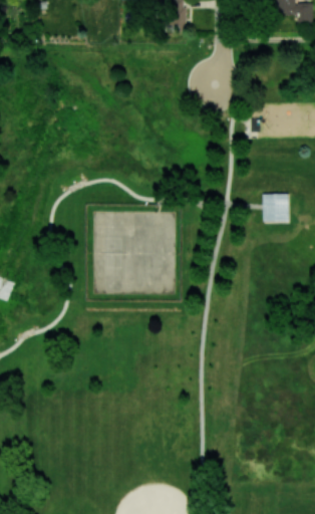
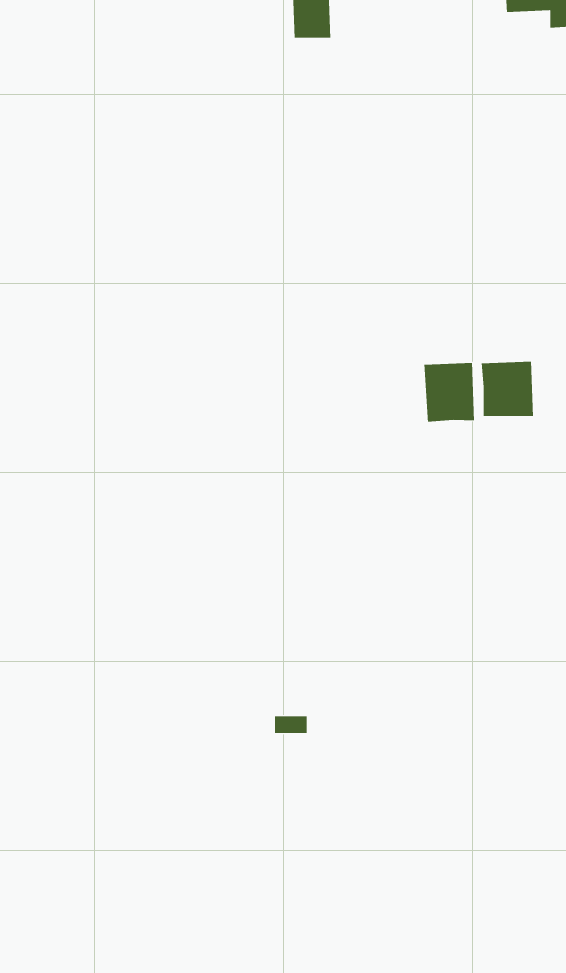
building: none -> [424,362,474,423]

